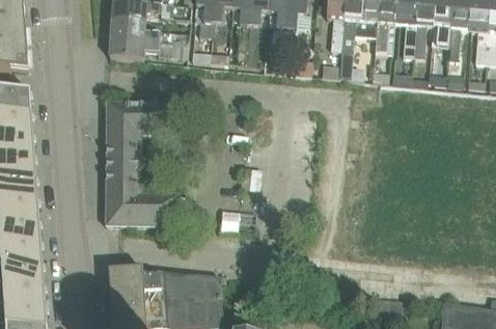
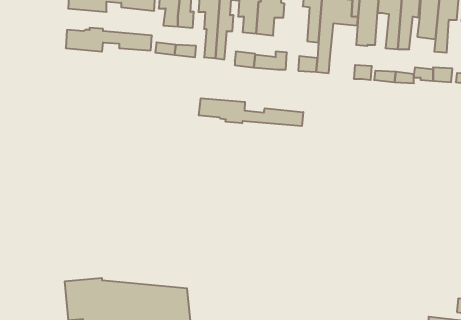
building: [110,18,189,43] -> none
building: [105,100,180,223] -> none
building: none -> [199,98,303,126]

